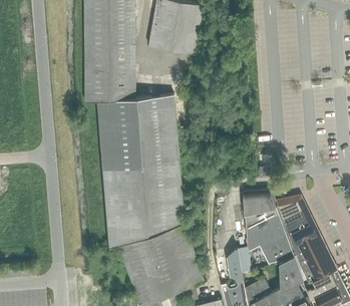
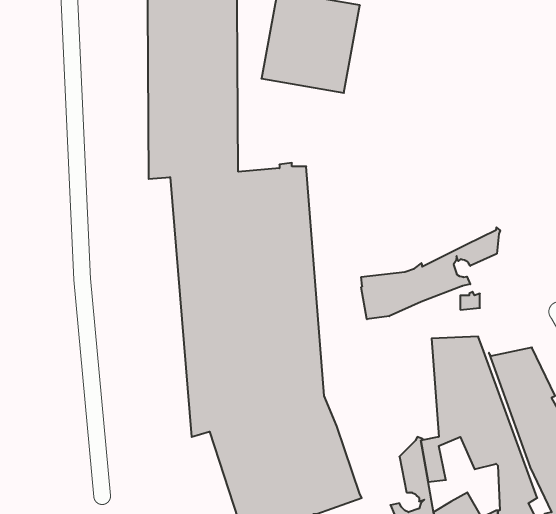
building: none -> [361,227,500,319]

